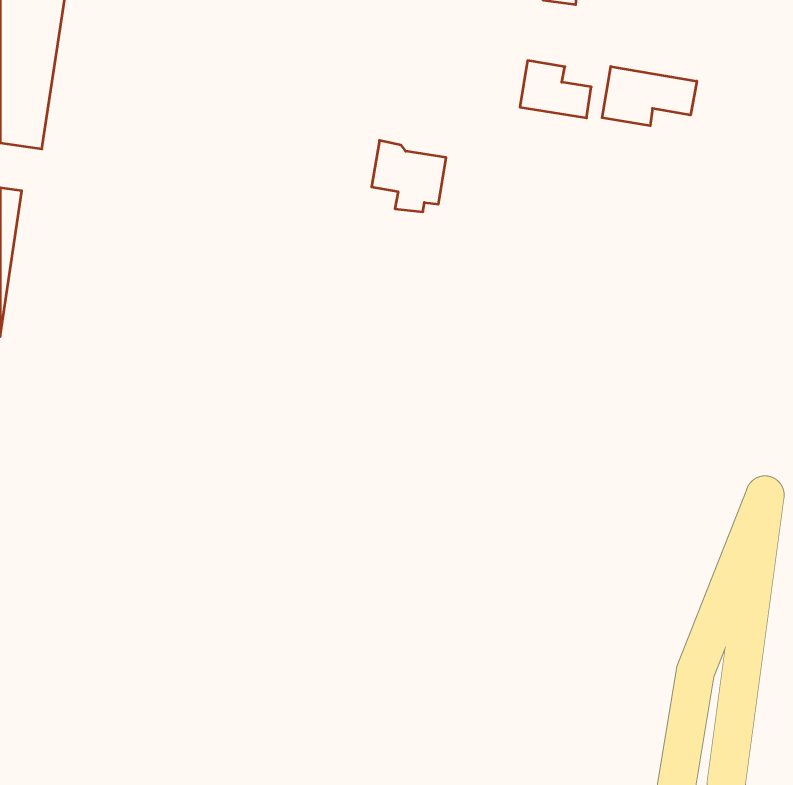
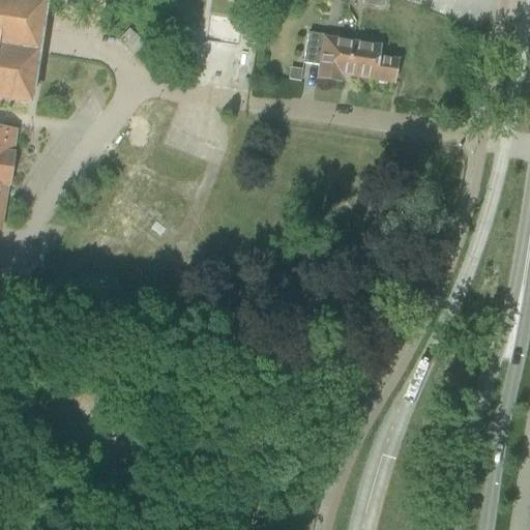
building: [602,66,697,126] -> none
building: [372,140,446,212] -> [302,29,352,77]

